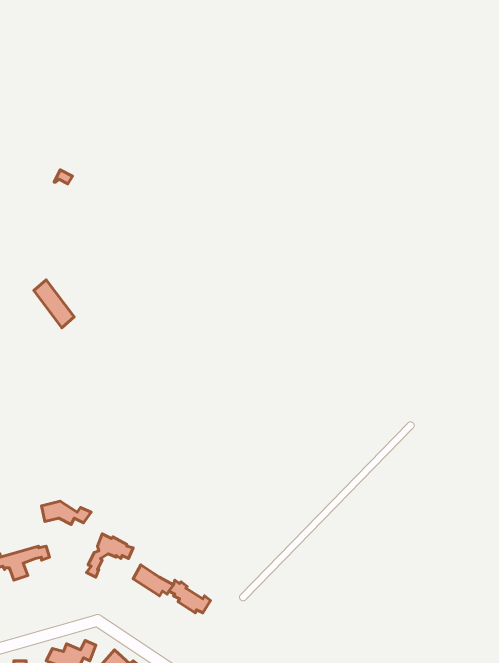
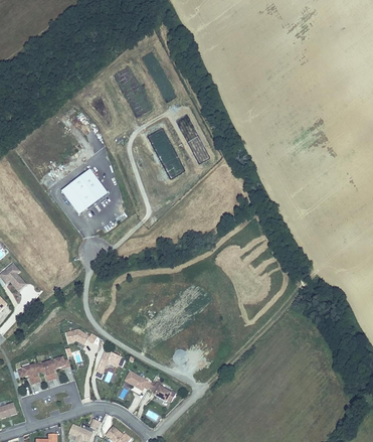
building: none -> [68,169,107,208]

